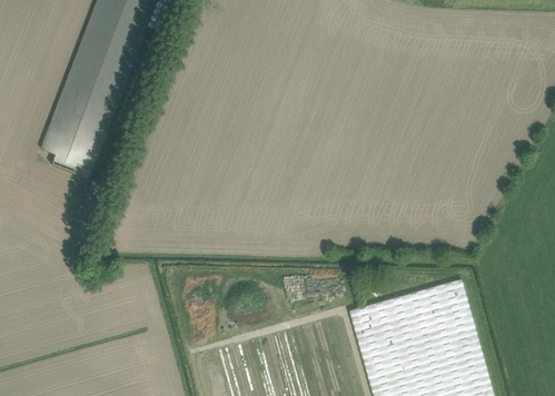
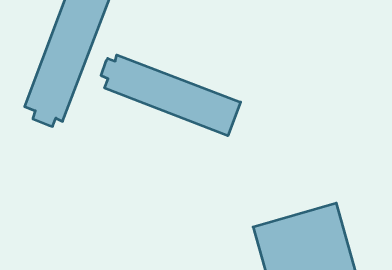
building: none -> [101,55,241,136]

